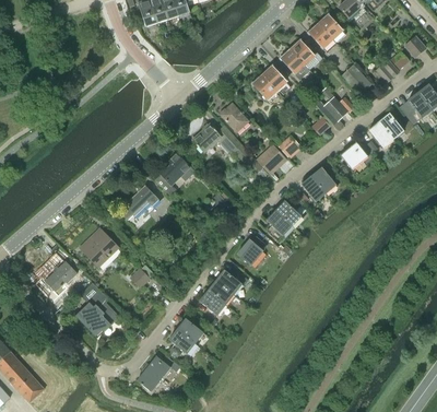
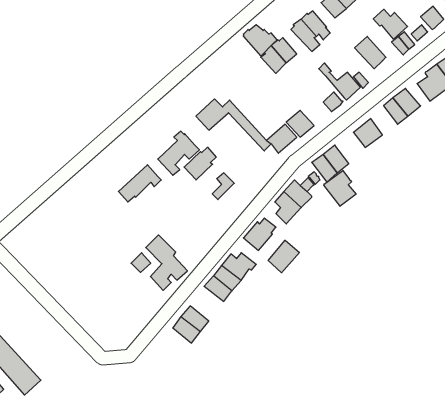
building: none -> [373,9,408,39]
building: [220,104,251,133] -> [243,25,277,56]
building: none -> [184,147,216,180]
building: none -> [324,170,356,206]
building: [79,228,118,267] -> none
building: none -> [268,240,299,273]
building: [45,261,76,292] -> none
building: [80,283,119,336] -> [146,235,187,290]
building: [137,355,180,391] -> none

